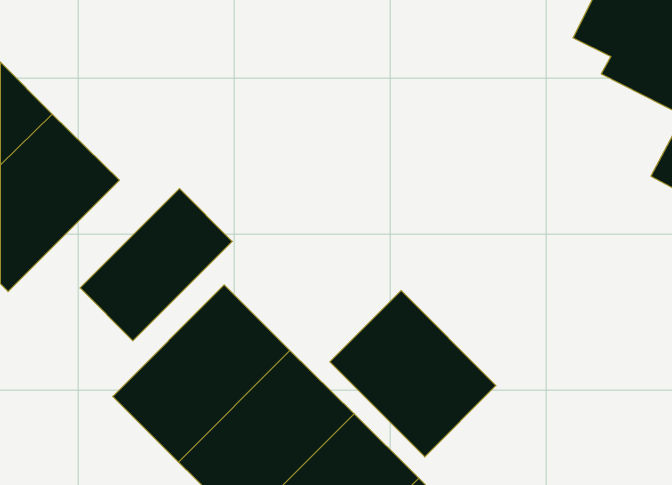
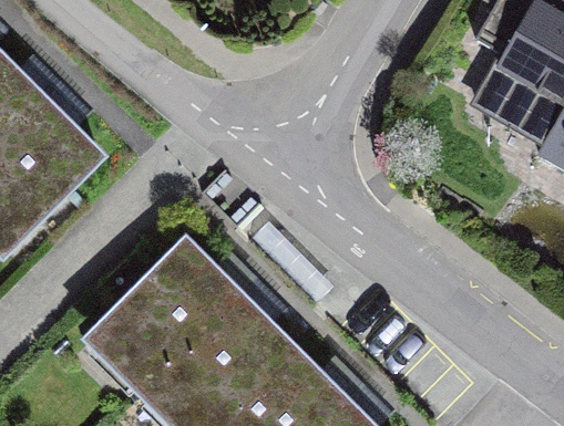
building: [80,189,232,341] -> none
building: [330,291,496,457] -> none

